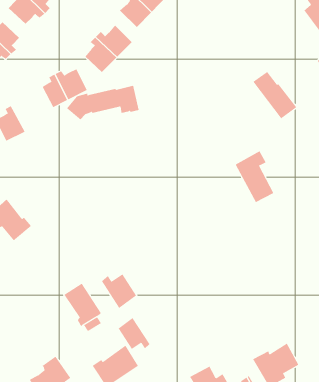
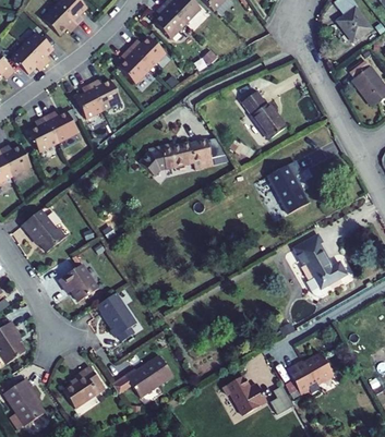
building: [252,71,297,119] -> [241,92,286,139]
building: [66,85,139,120] -> [140,141,213,175]
building: none -> [45,111,77,143]
building: none -> [293,234,347,296]
building: none -> [59,265,98,302]
building: [101,273,137,309] -> none
building: [118,317,150,350] -> none

